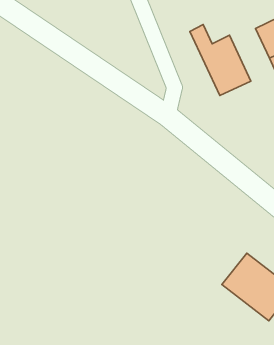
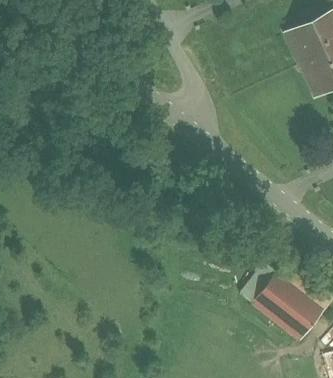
building: [190,25,251,95] -> none

